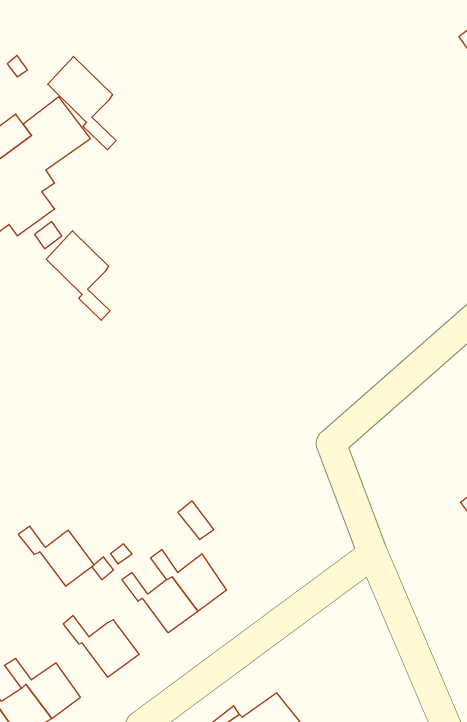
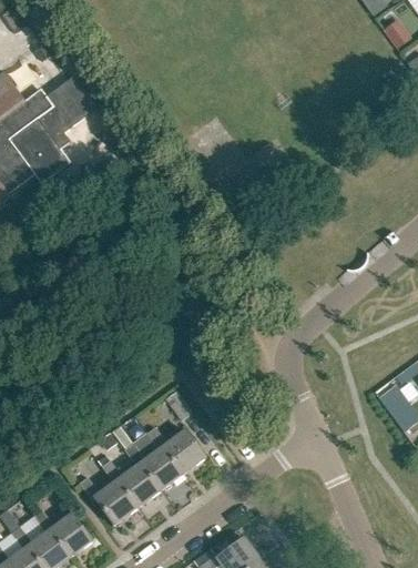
building: [48,56,116,150] -> none
building: [46,231,110,320] -> none
building: [18,526,94,586] -> [100,460,159,507]

